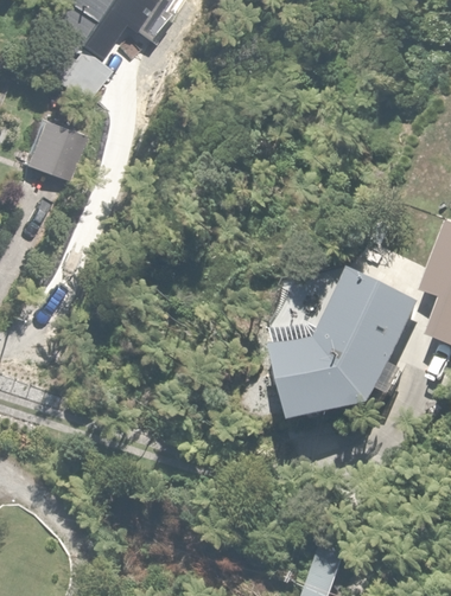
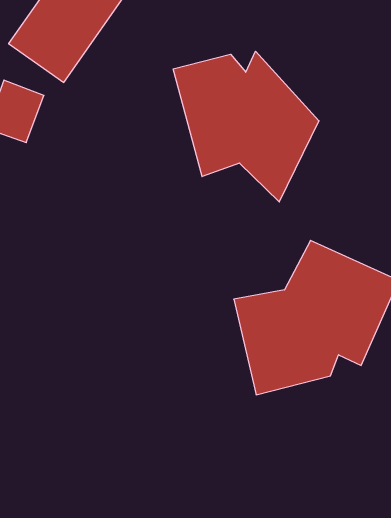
building: none -> [173,51,319,202]

